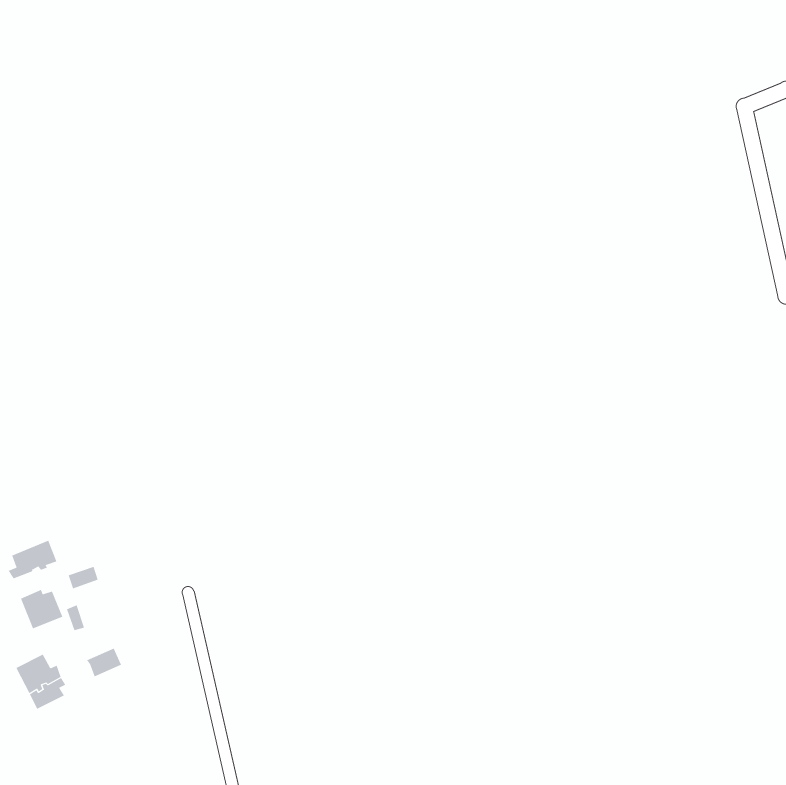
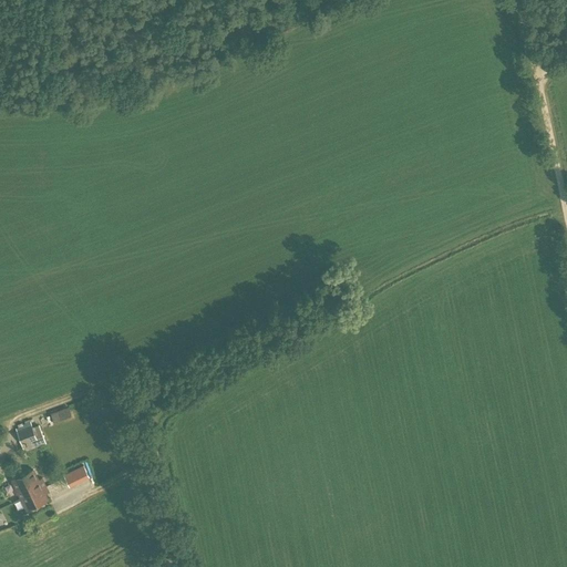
building: [8,540,57,579] -> none

